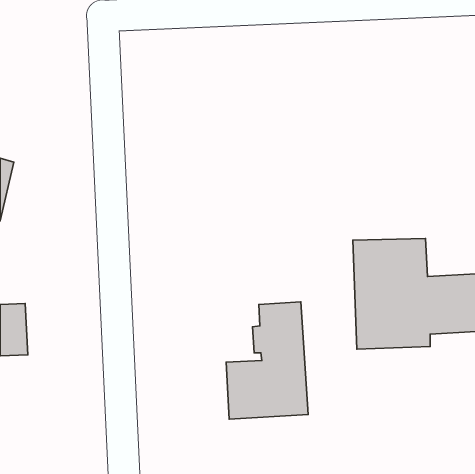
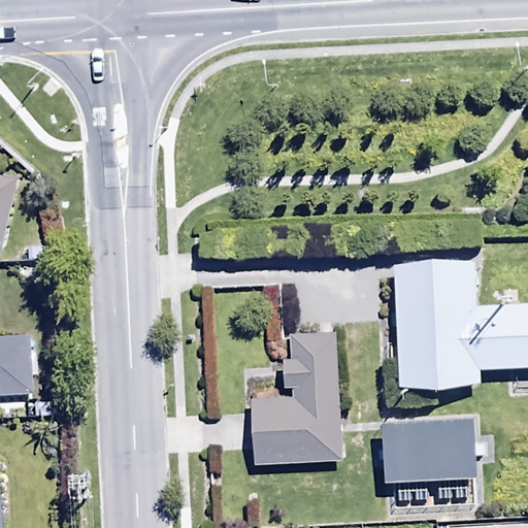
building: none -> [383,420,488,480]

